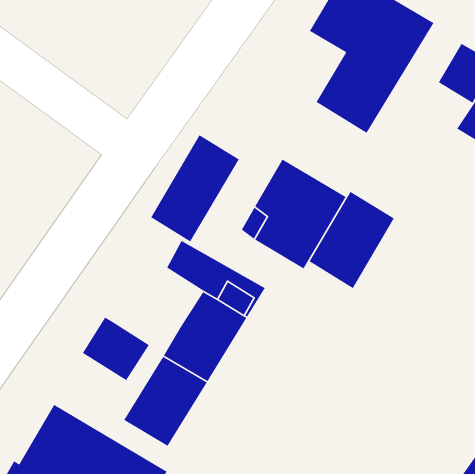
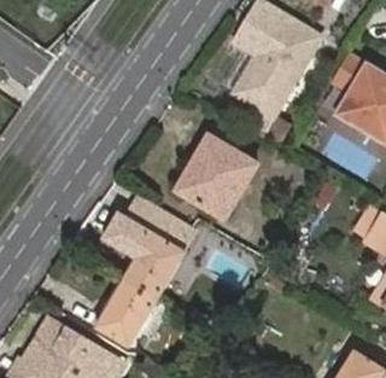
building: [150,134,240,243] -> none
building: [308,191,395,289] -> none
building: [82,317,150,381] -> [103,211,152,258]

